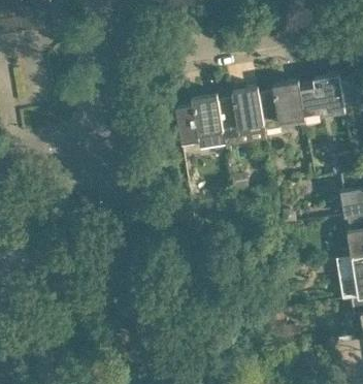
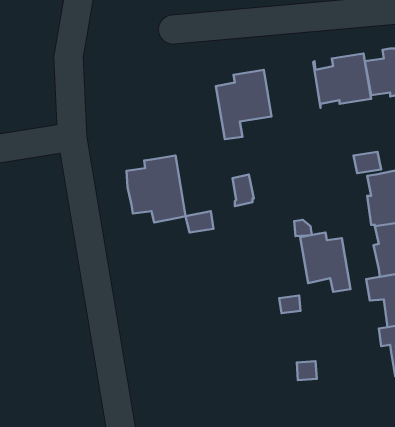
building: [254,82,301,132] -> none
building: [173,95,222,150] -> [126,156,186,222]
building: none -> [300,233,350,292]

